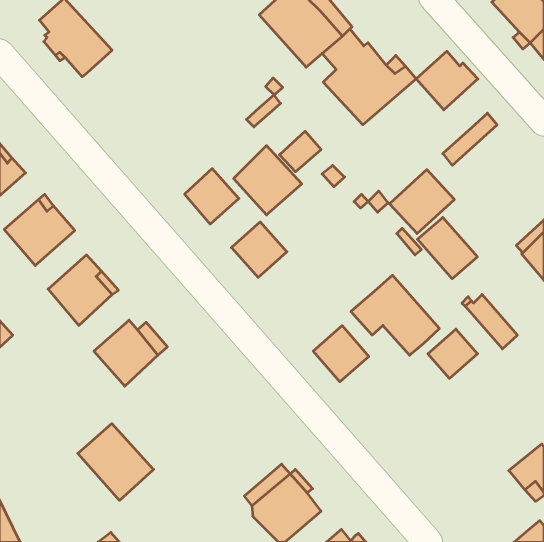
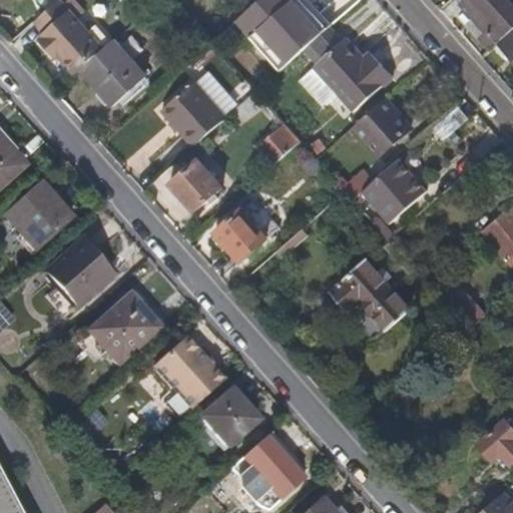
building: none -> [82,38,147,104]
building: [416,51,478,110] -> [353,101,411,156]
building: [234,146,302,215] -> [162,80,226,145]
building: [417,217,477,279] -> none
building: [313,326,369,382] -> none
building: [428,329,478,378] -> none
building: none -> [200,389,259,446]
building: [78,424,154,500] -> [151,336,222,408]

